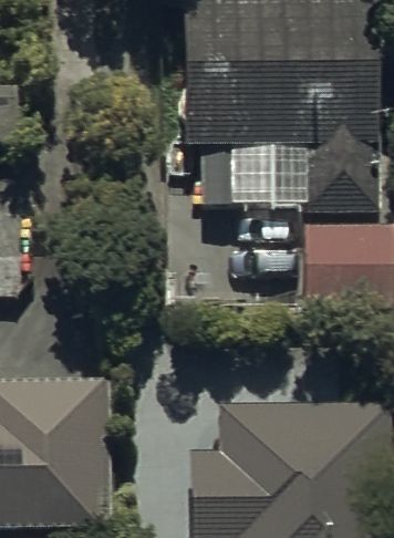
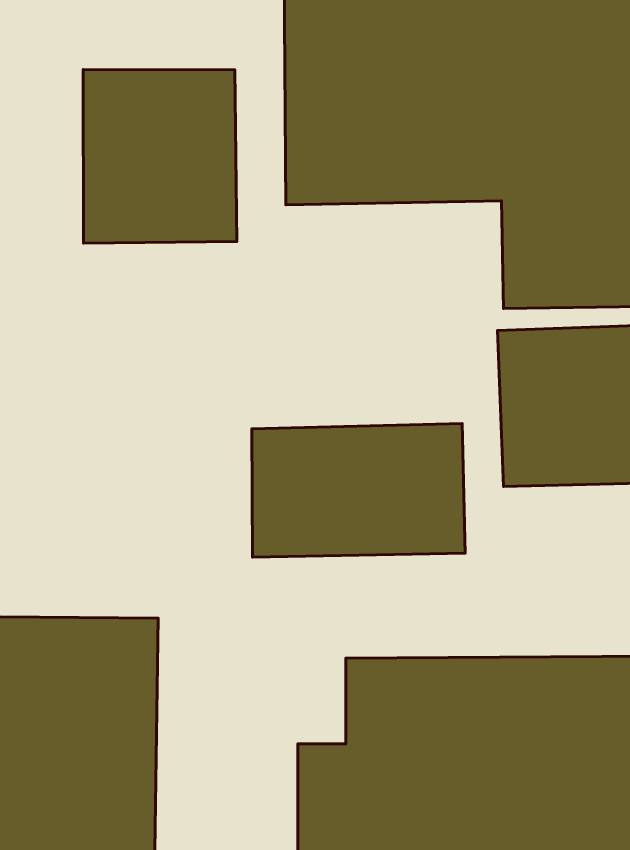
building: none -> [83,69,237,243]
building: none -> [252,423,465,557]

